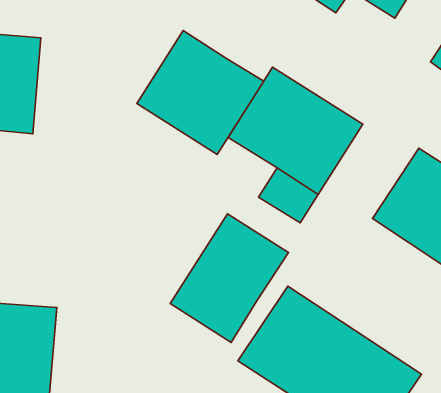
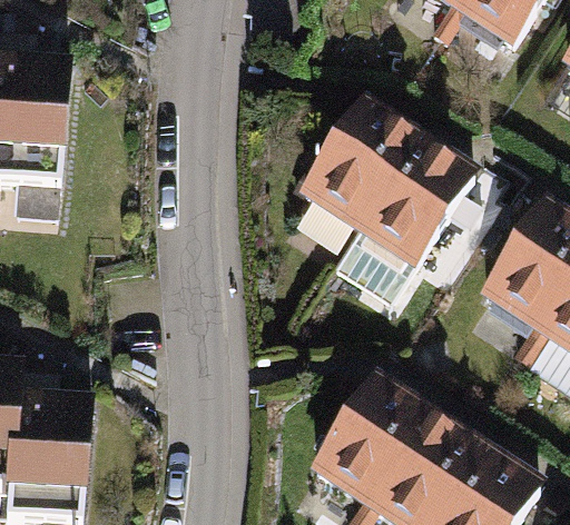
building: [137,30,264,154] -> none
building: [170,214,288,342] -> none

